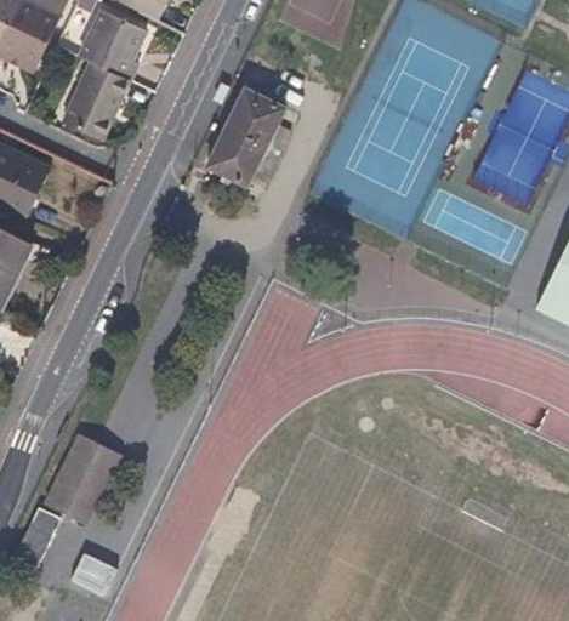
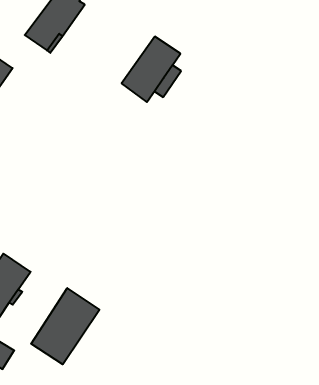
building: none -> [31,288,99,364]

